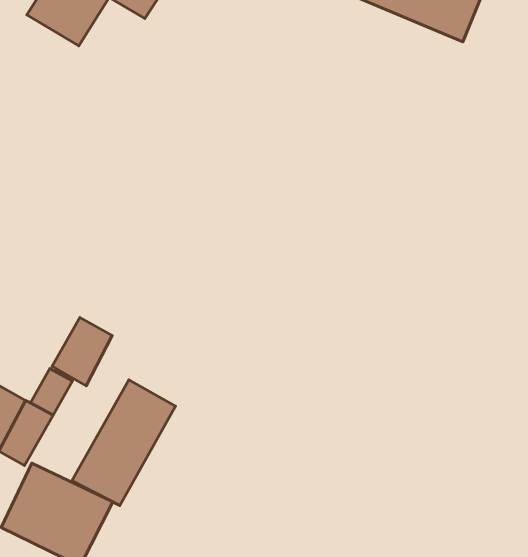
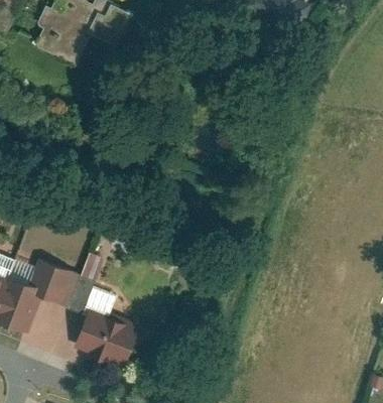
building: [52,318,112,386] -> none
building: [72,380,175,506] -> none

